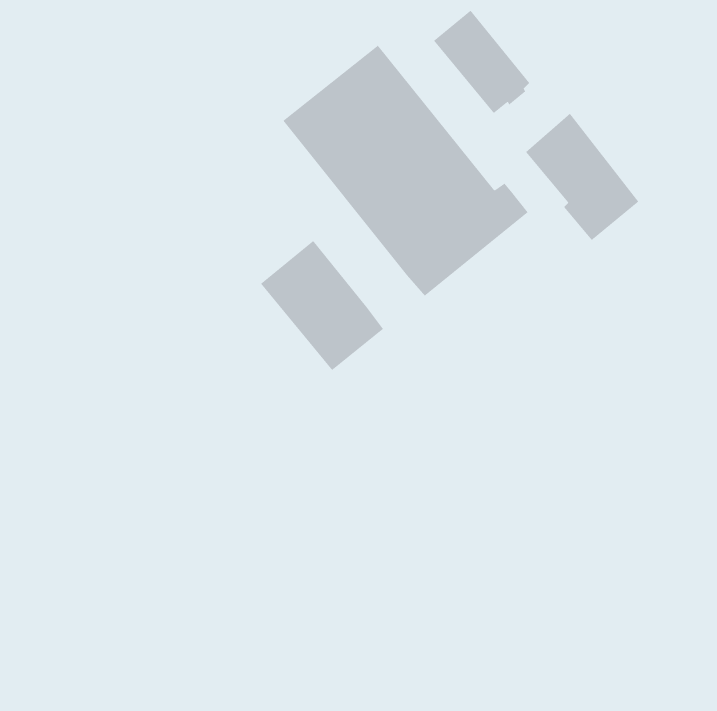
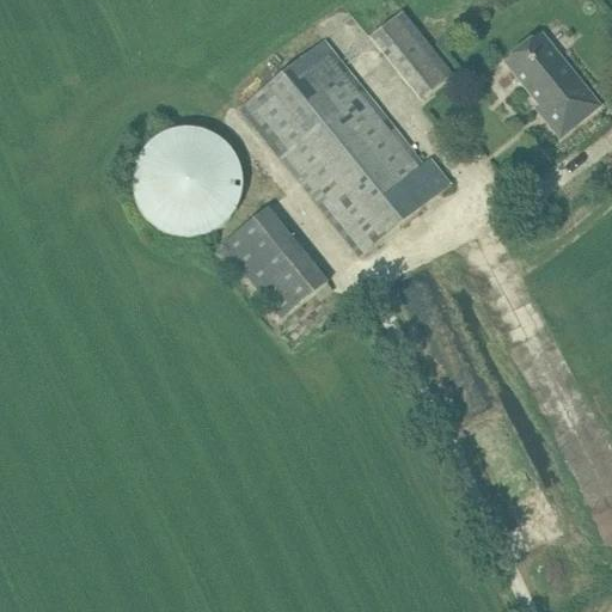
building: [525,113,639,241] -> [503,27,600,136]
building: none -> [128,133,240,245]

